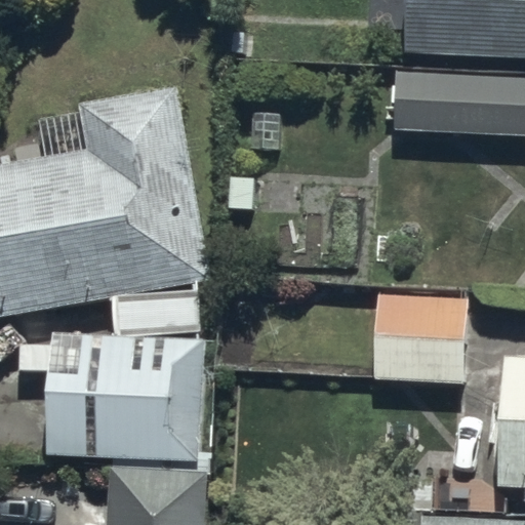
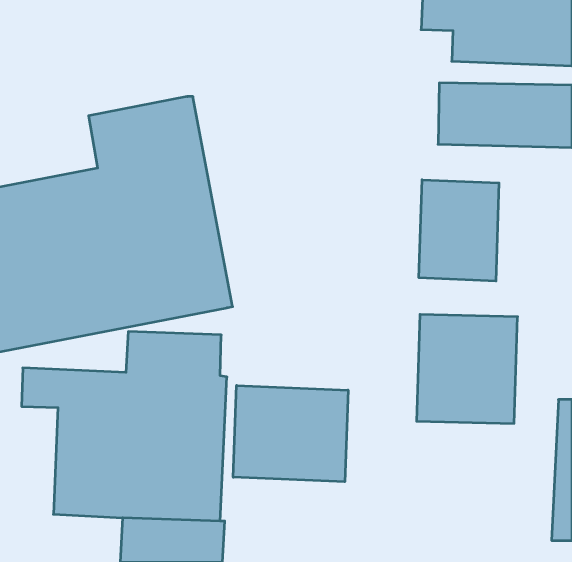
building: none -> [419,180,499,281]
building: none -> [233,385,348,482]

